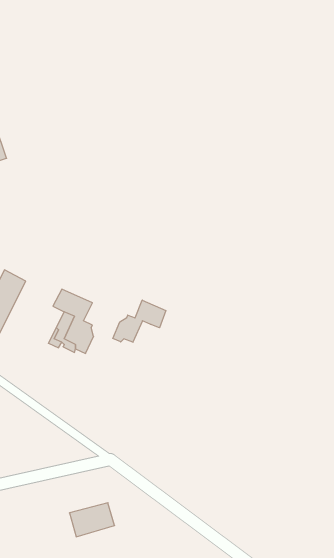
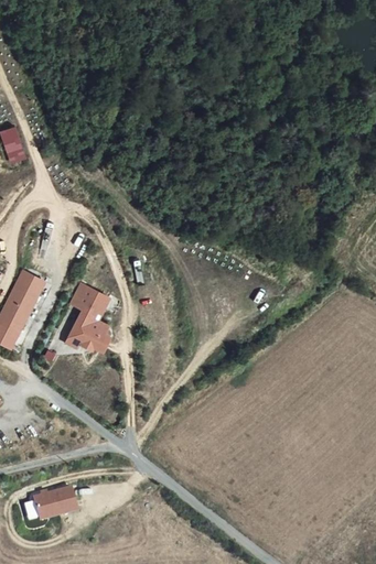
building: [113,300,166,342] -> none
building: [69,503,115,537] -> [34,487,78,520]

